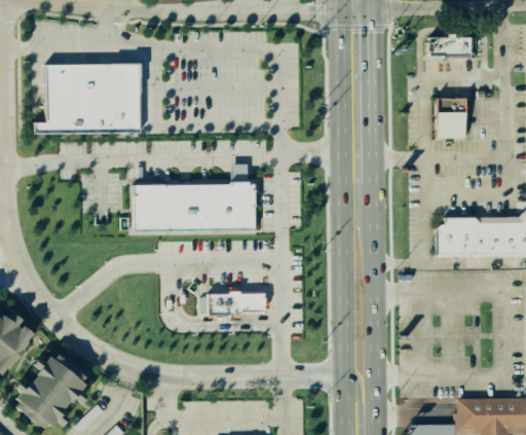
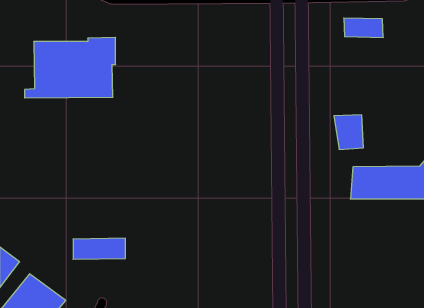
building: [429,97,465,139] -> [334,115,363,149]
building: [136,185,257,231] -> none
building: [203,290,267,316] -> [73,238,125,259]

